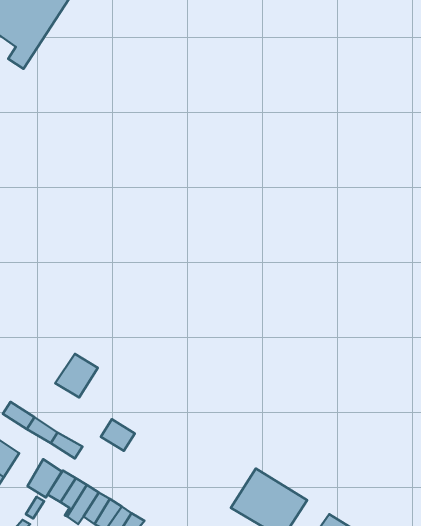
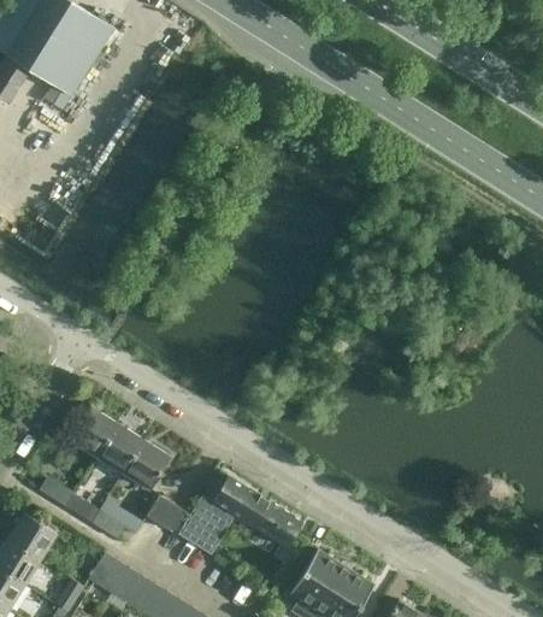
building: none -> [71,407,118,457]
building: none -> [123,440,170,489]
building: none -> [212,476,303,550]
building: none -> [179,501,225,551]
building: [28,459,62,498] -> none

